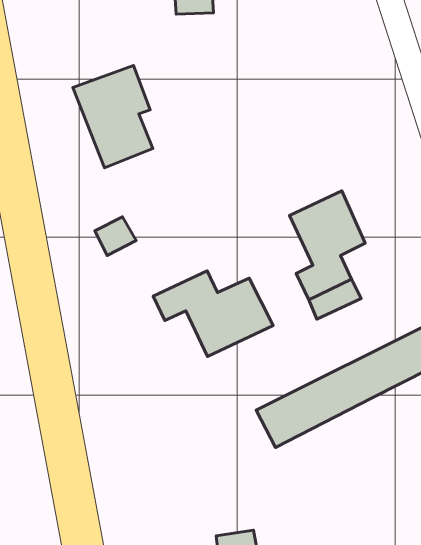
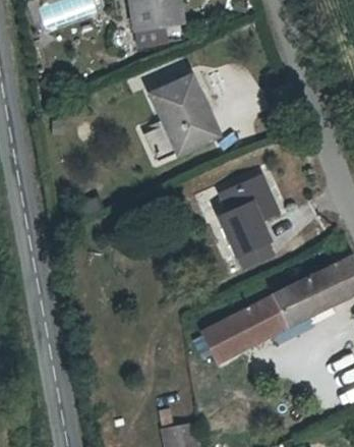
building: [73,66,153,168] -> [152,76,211,152]
building: [153,271,273,357] -> none

